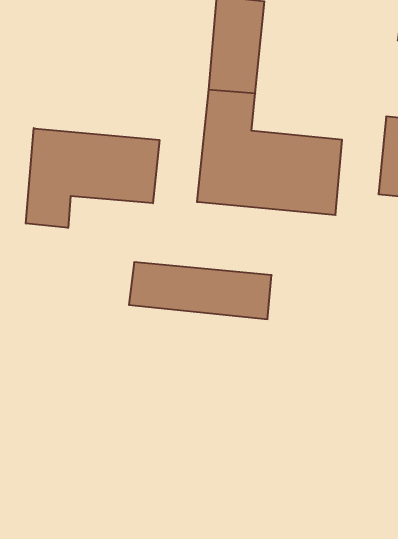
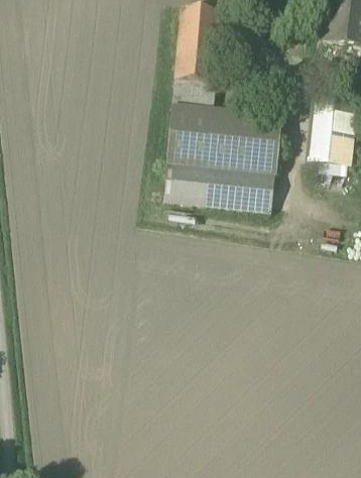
building: [26,128,159,228] -> none
building: [129,262,272,319] -> [164,166,275,211]

